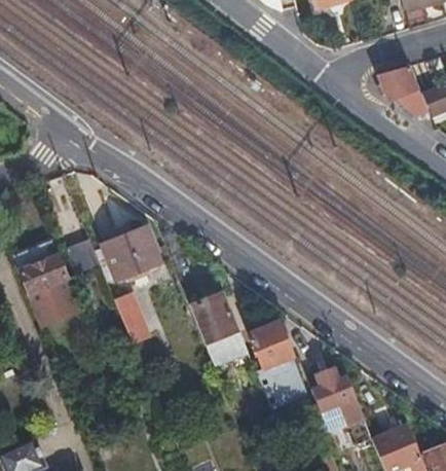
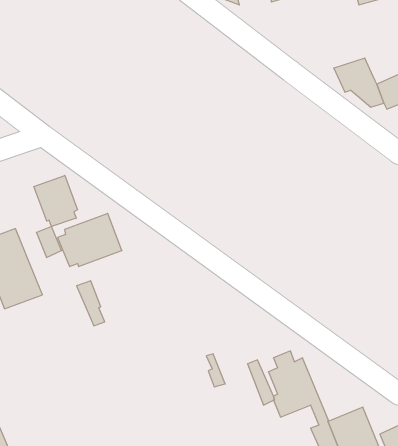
building: none -> [34,175,78,227]
building: [189,291,249,364] -> none
building: [249,321,293,368] -> none

